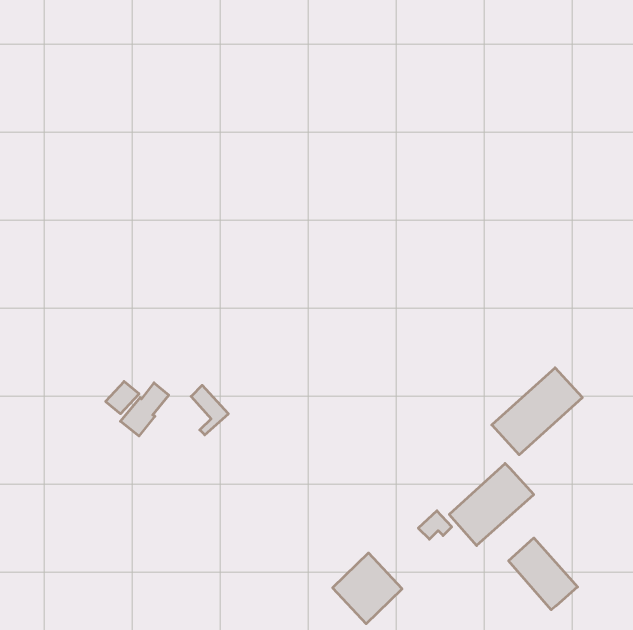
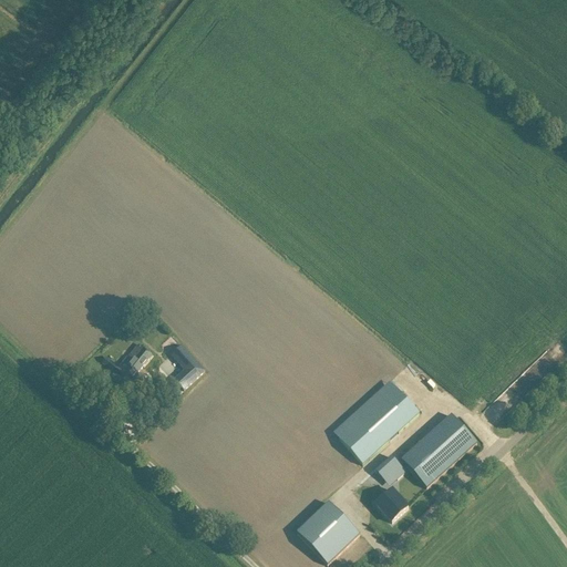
building: [492,368,582,455] -> [338,385,419,463]
building: [509,538,578,610] -> none
building: none -> [374,487,415,520]

